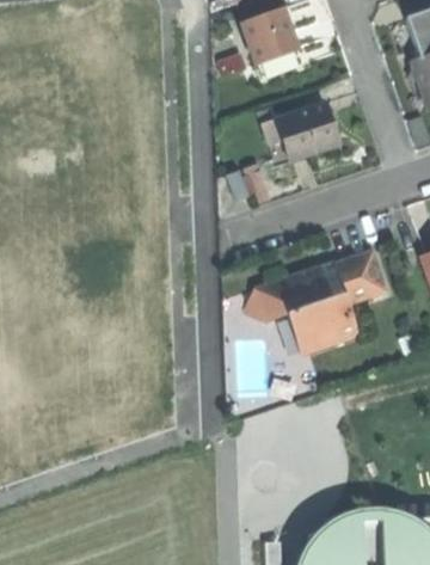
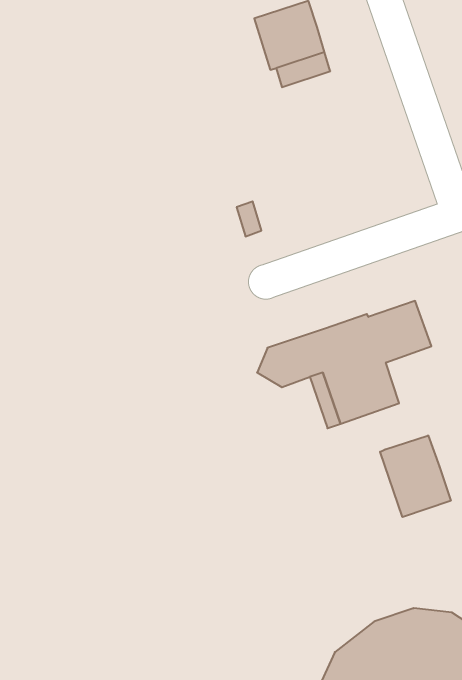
building: [263,104,340,167] -> none
building: none -> [380,435,451,517]

